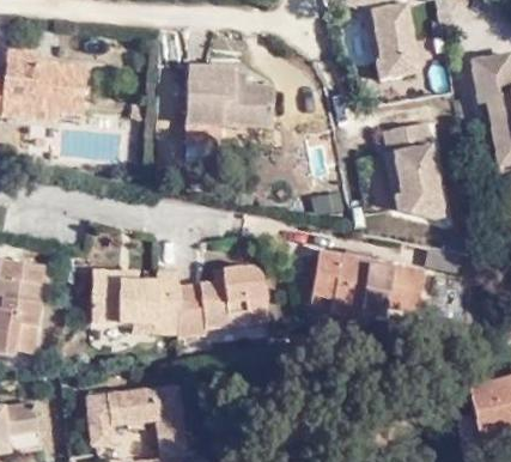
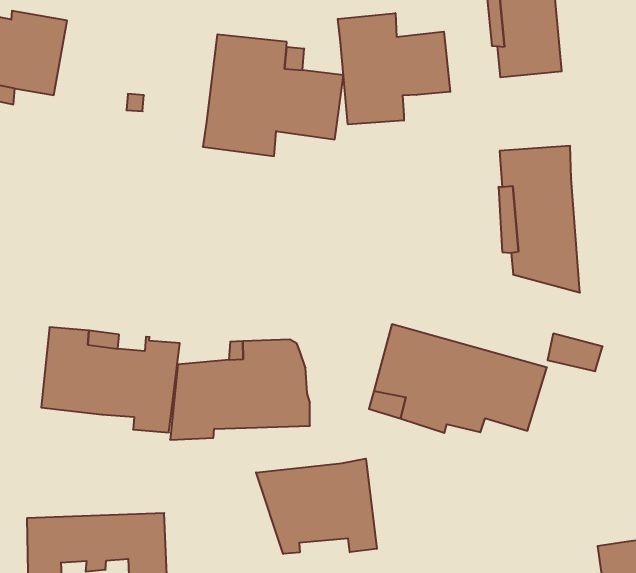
building: none -> [338,13,450,124]
building: none -> [256,459,377,554]

